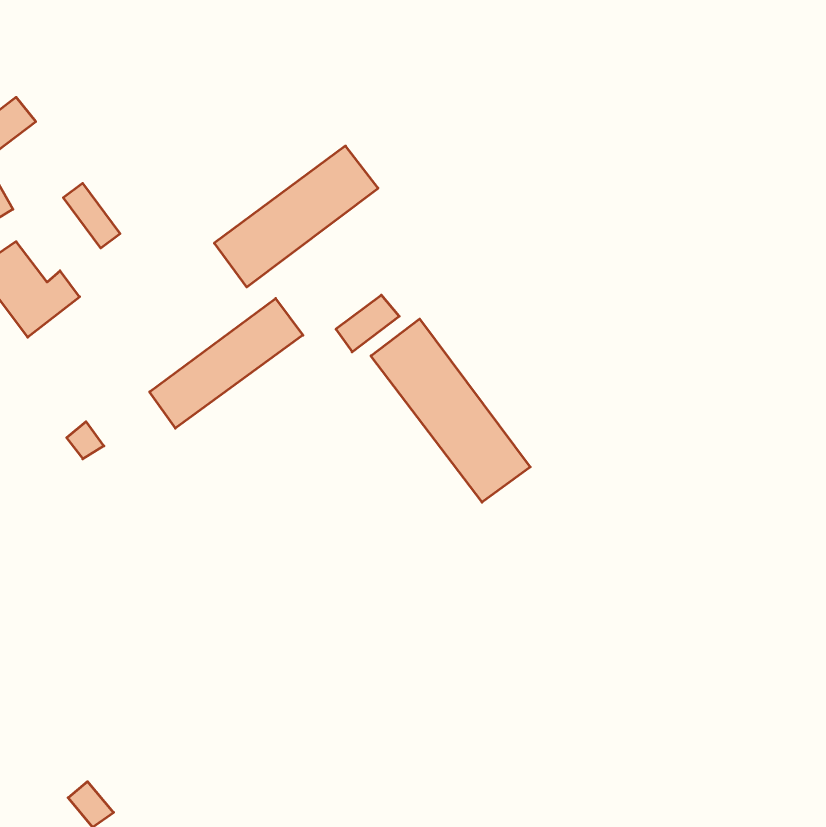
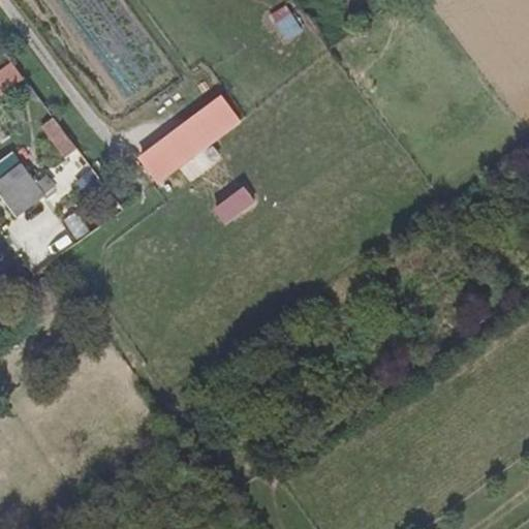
building: [150,298,303,428] -> none
building: [371,319,530,502] -> none

